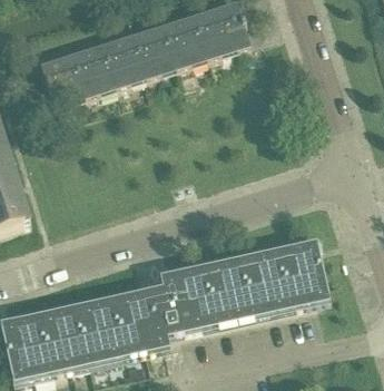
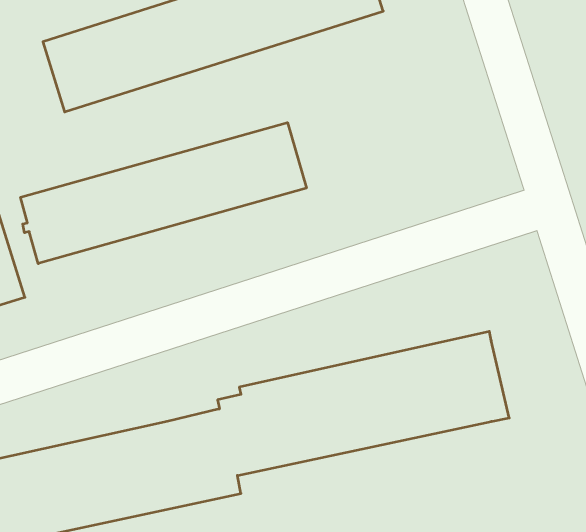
building: none -> [21,123,306,264]

